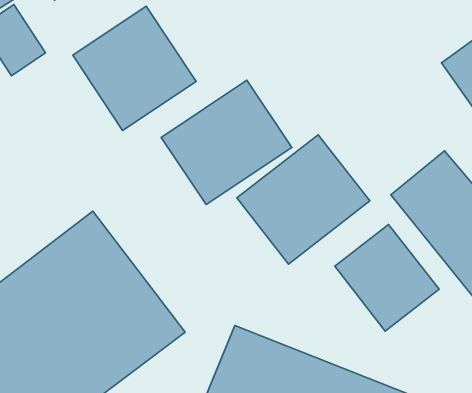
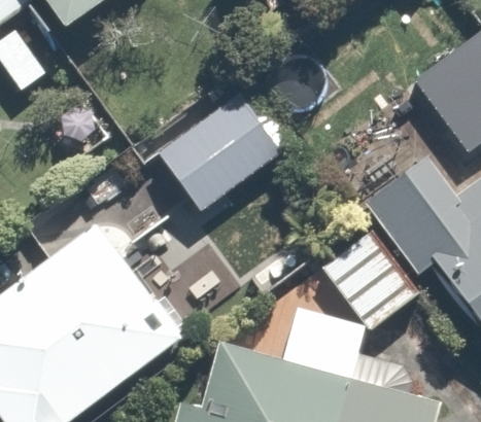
building: [73,6,196,130] -> none
building: [237,135,370,264] -> none

